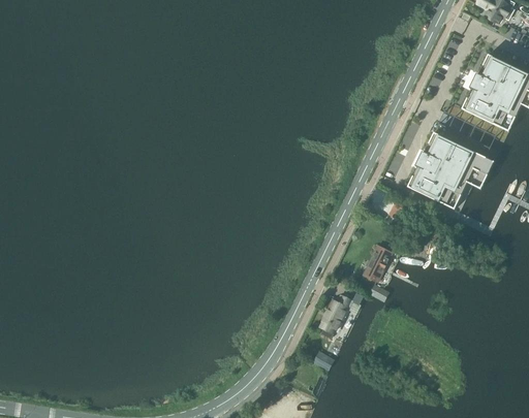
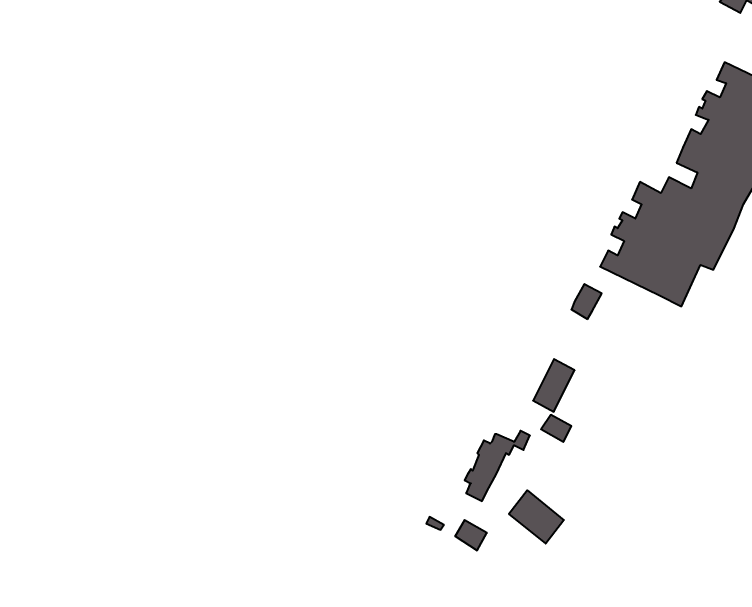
building: none -> [509,490,564,544]

